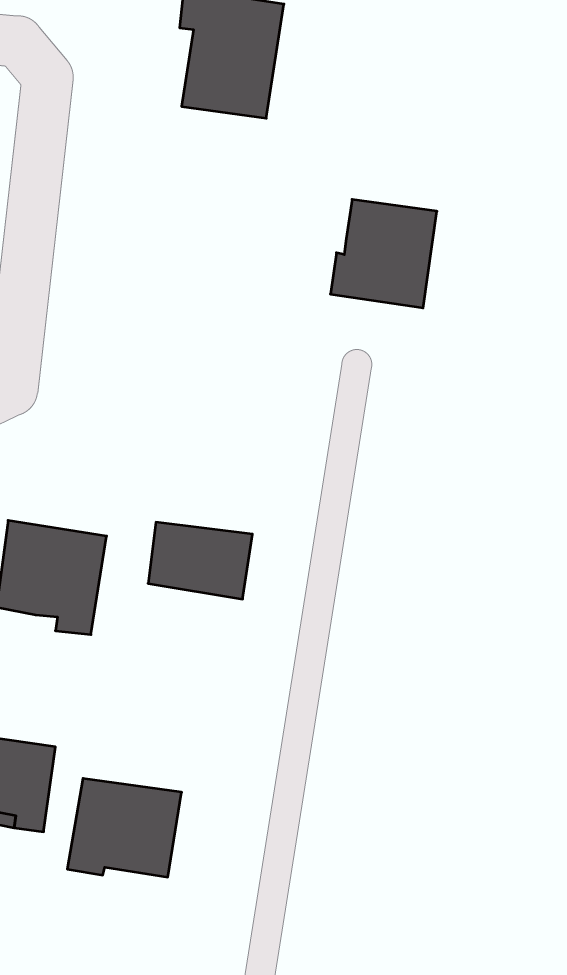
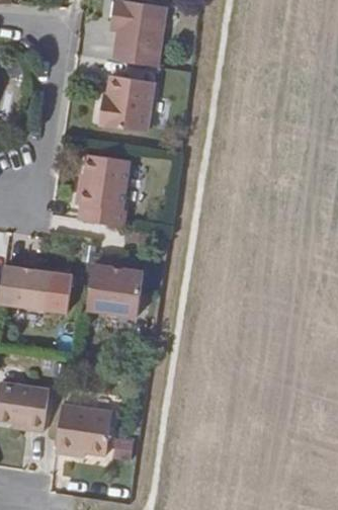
building: [330,199,437,308] -> [99,75,154,131]
building: none -> [75,154,129,226]

